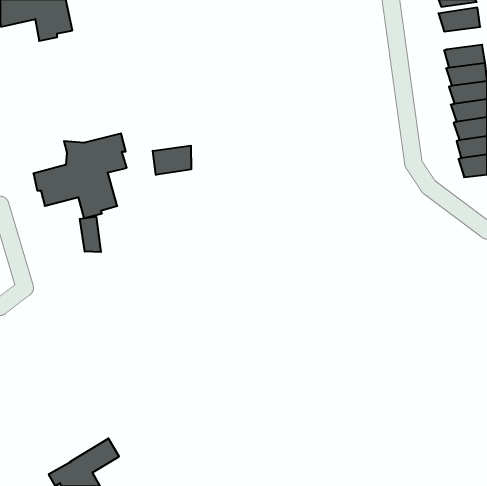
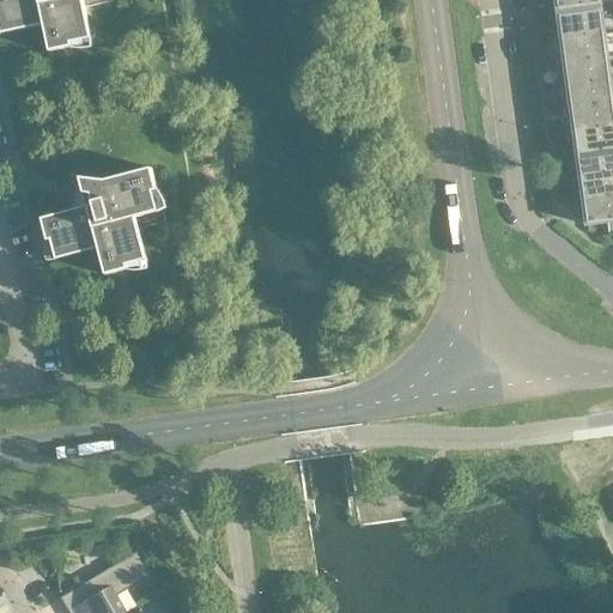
building: none -> [554,34,606,62]
building: [153,146,191,175] -> none
building: [80,217,101,252] -> none

